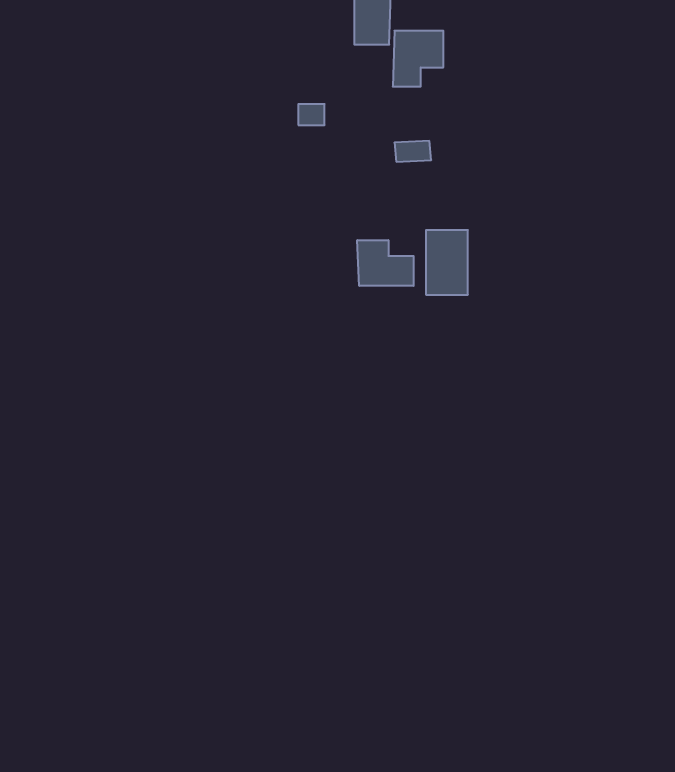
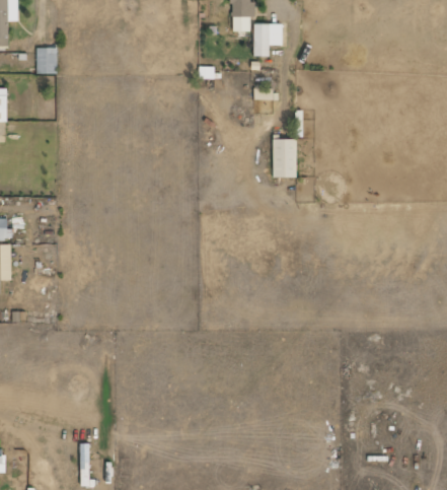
building: none -> [35,47,57,74]
building: [357,240,414,286] -> none

